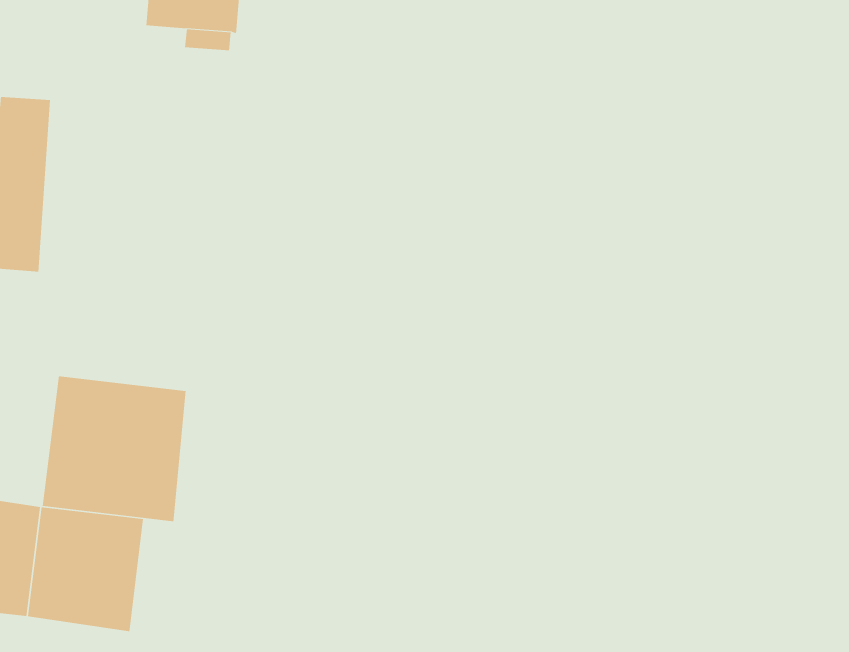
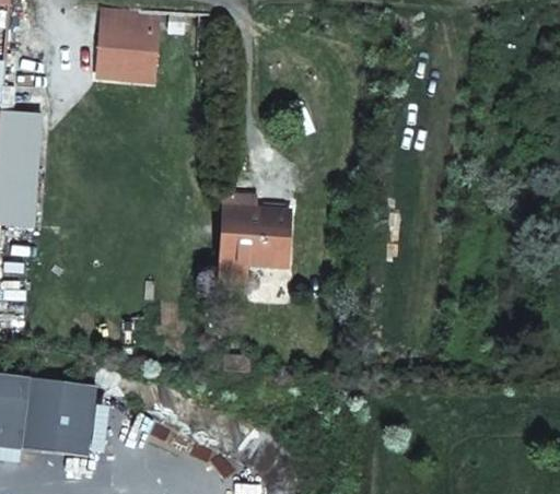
building: none -> [221,208,289,267]
building: [42,376,186,522] -> none

